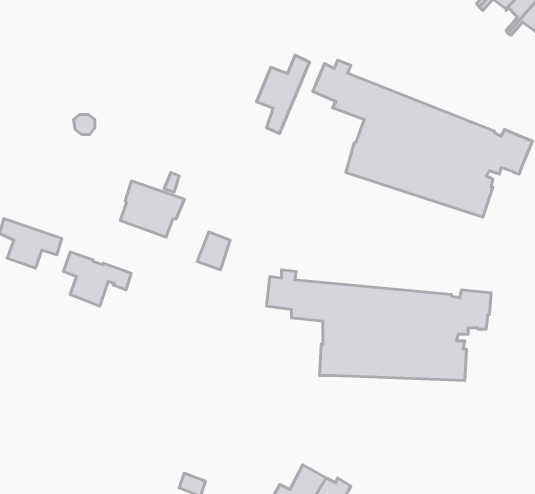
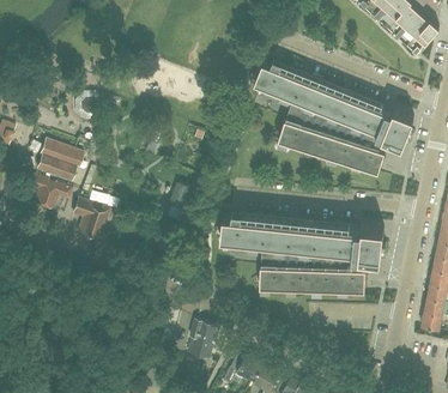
building: [257,55,309,133] -> none
building: [120,181,184,237] -> [36,140,83,181]
building: none -> [188,319,220,357]

